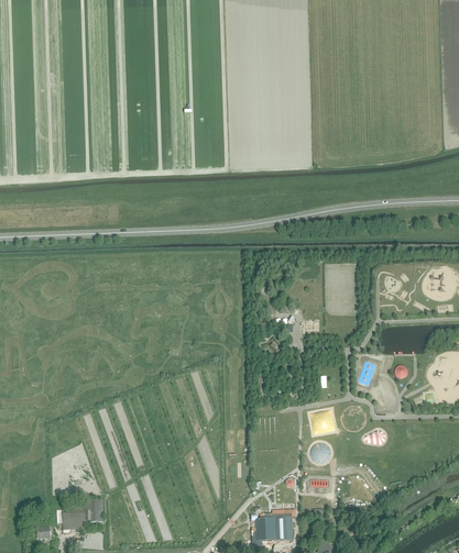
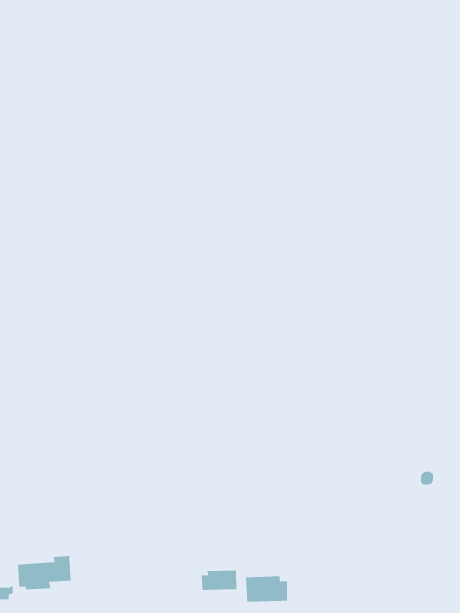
building: none -> [201,570,237,591]

